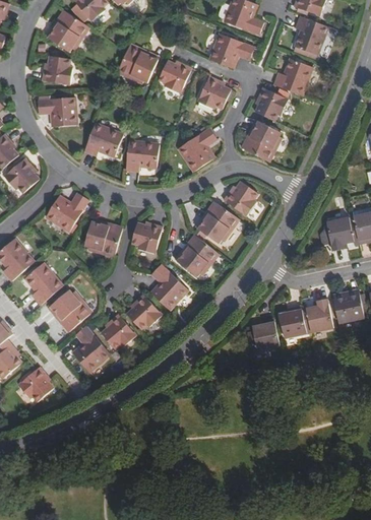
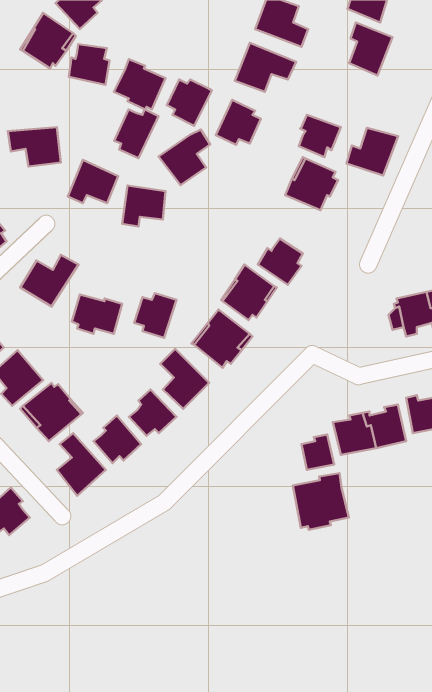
building: [41,56,71,86] -> [69,44,110,85]
building: [272,56,311,91] -> [347,128,398,176]
building: none -> [114,109,159,158]
building: [178,131,217,173] -> [159,129,210,185]
building: none -> [293,473,349,530]

